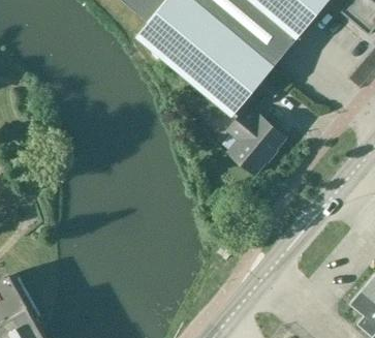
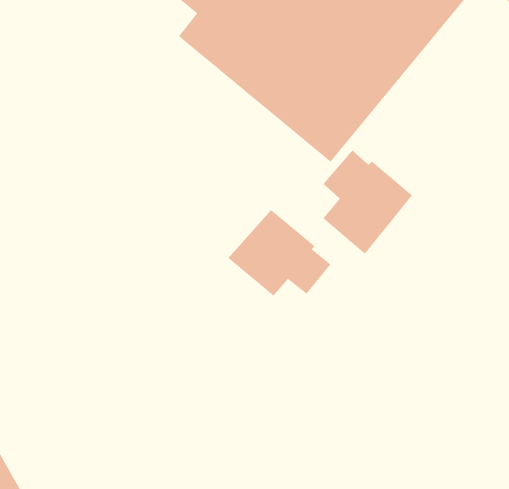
building: none -> [228,209,331,297]

